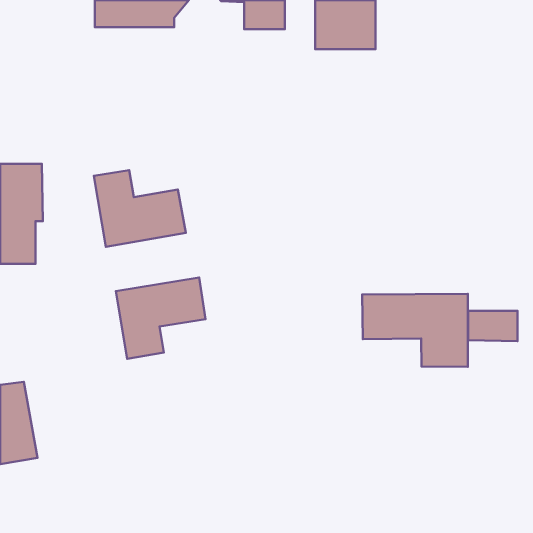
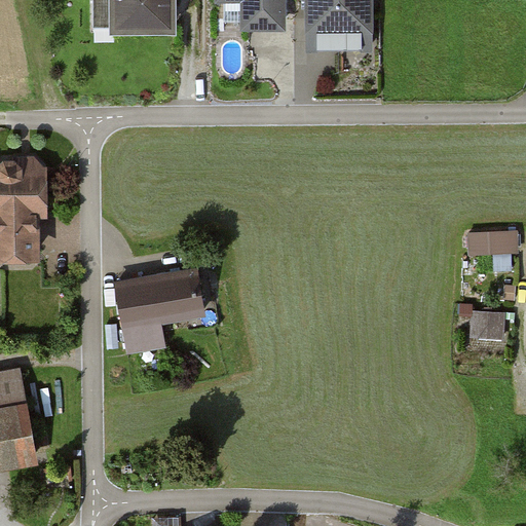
building: [94,170,186,247] -> none
building: none -> [471,226,520,267]
building: [362,294,468,367] -> none

